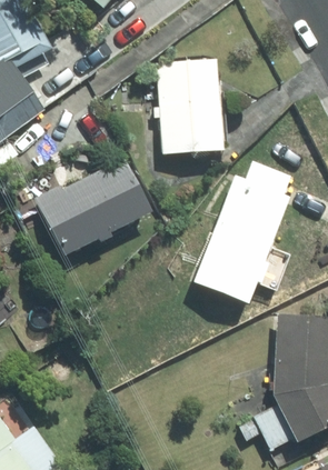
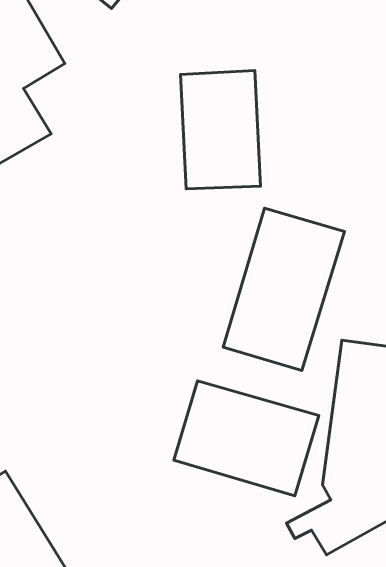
building: [38,159,148,258] -> none
building: none -> [174,381,319,496]

